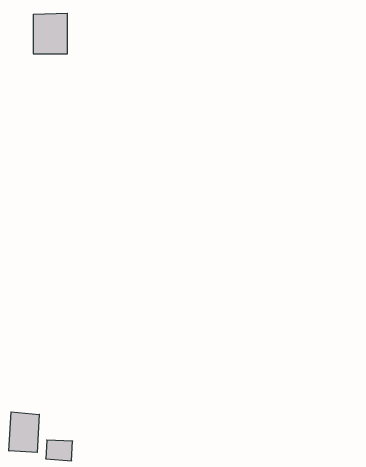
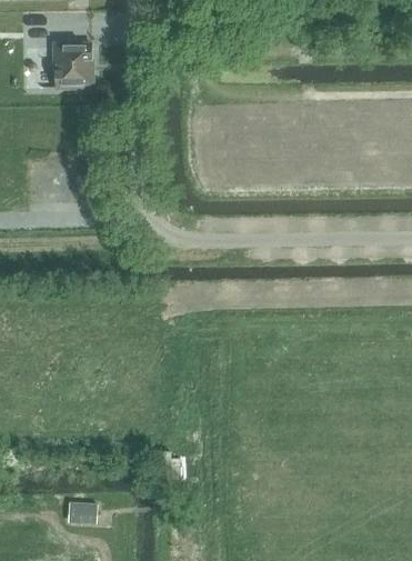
building: [9,412,39,452] -> none

